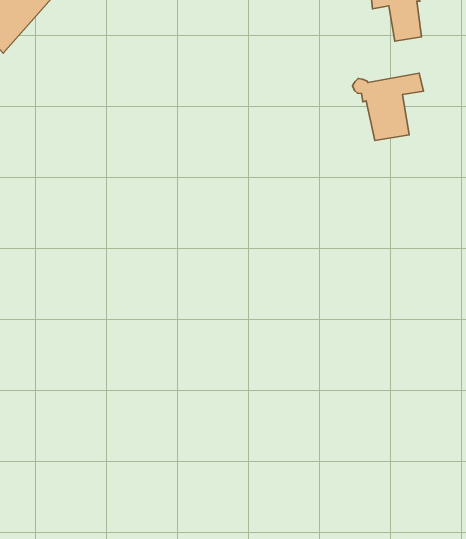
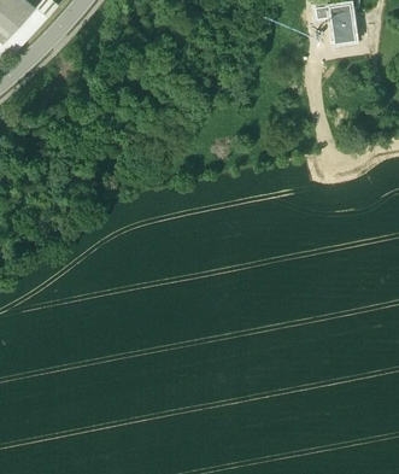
building: [353,73,424,141] -> none

